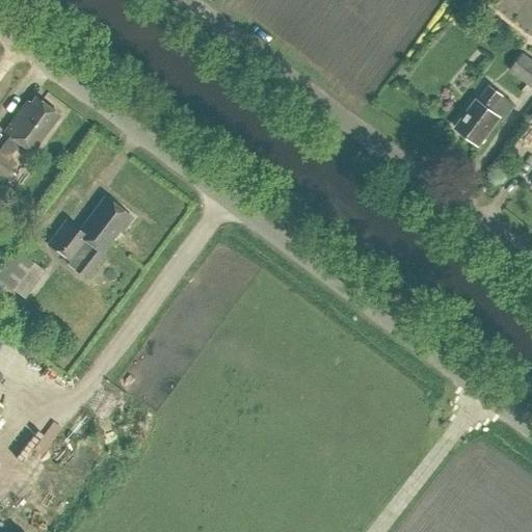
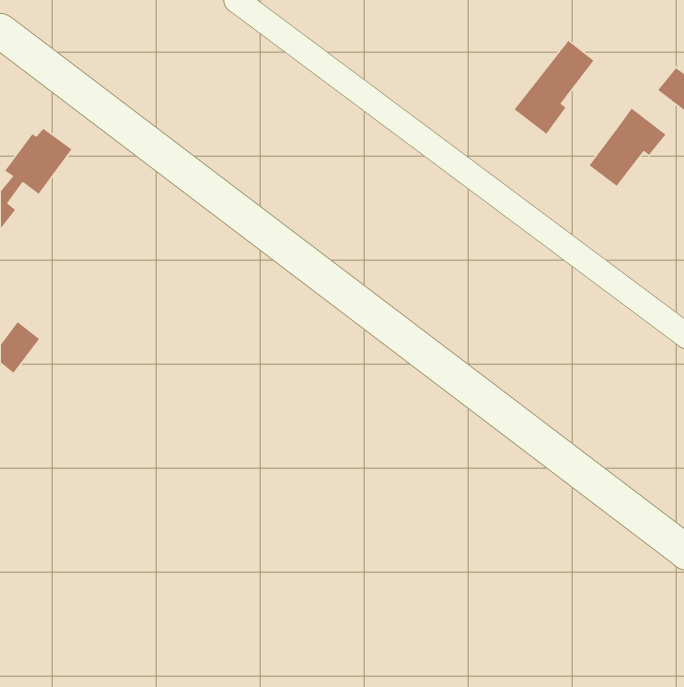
building: none -> [514,40,595,135]
building: [48,196,132,277] -> none

